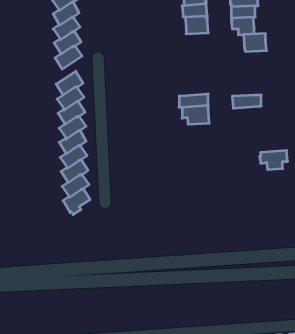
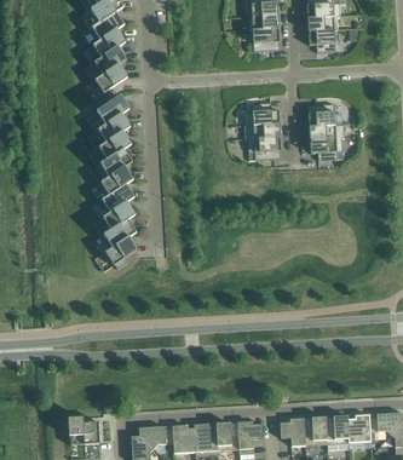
building: [244,34,267,52] -> [307,104,335,126]
building: none -> [246,103,280,126]
building: [260,150,288,170] -> [309,138,342,161]

